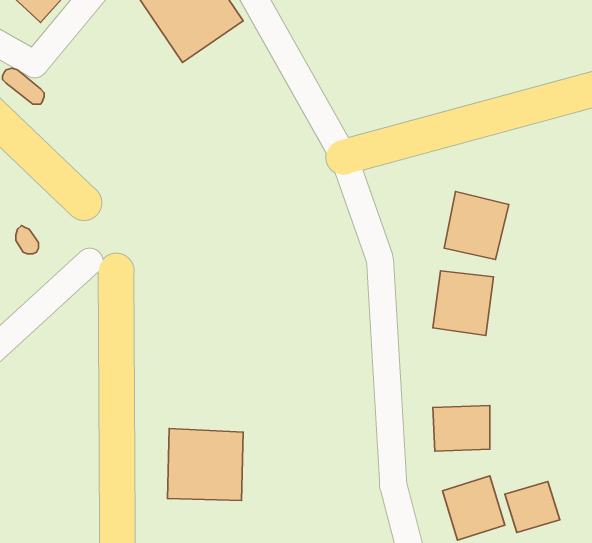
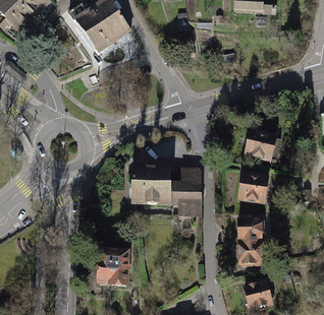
building: none -> [130,166,200,206]
building: none -> [235,215,266,240]
building: [505,482,560,533] -> none

